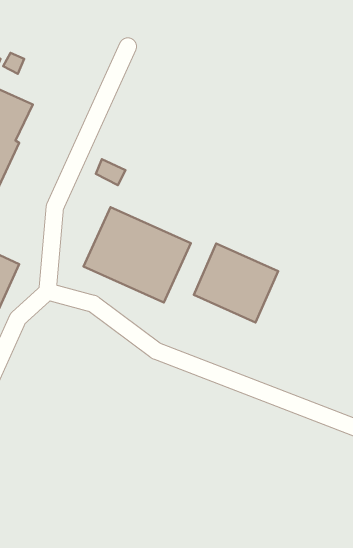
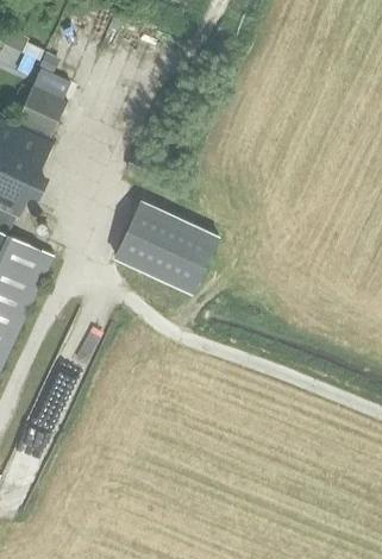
building: [194,243,278,323] -> none

